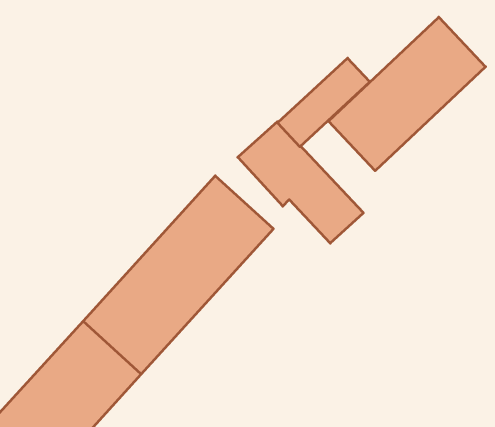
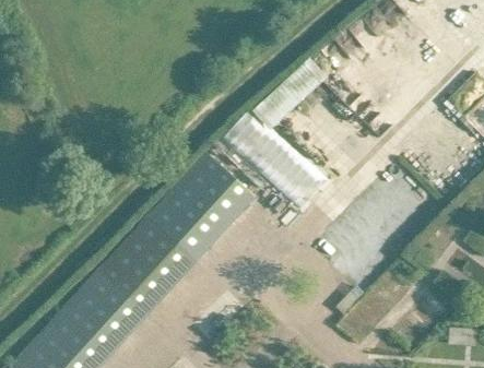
building: [328,17,486,171] -> none

